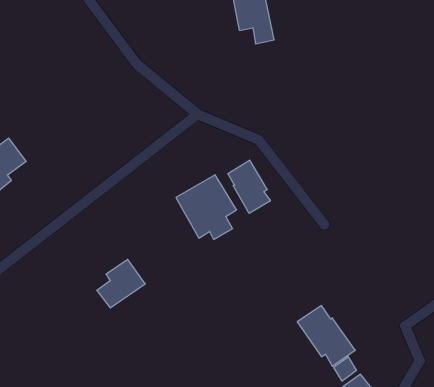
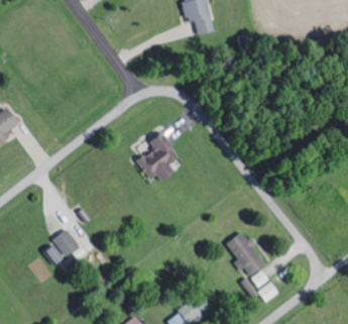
building: [228,160,270,213] -> none
building: [97,259,145,308] -> [43,229,80,265]

